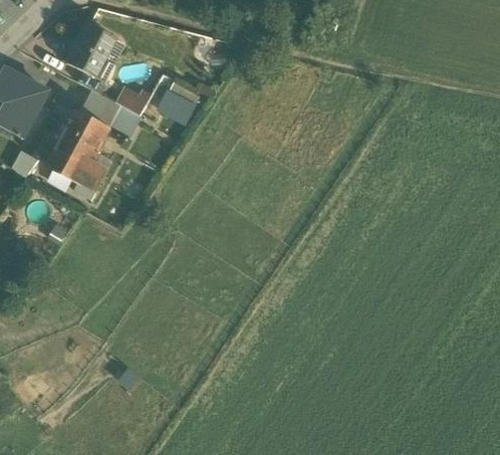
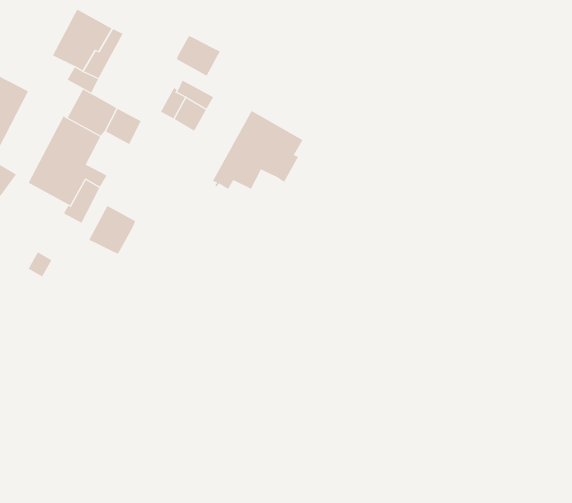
building: none -> [176,35,220,76]
building: [114,84,151,115] -> none
building: none -> [212,110,303,190]
building: none -> [89,205,136,255]

